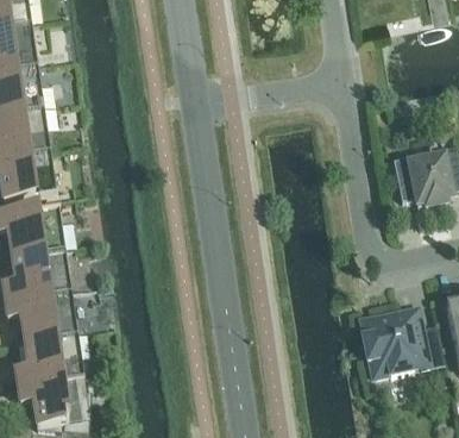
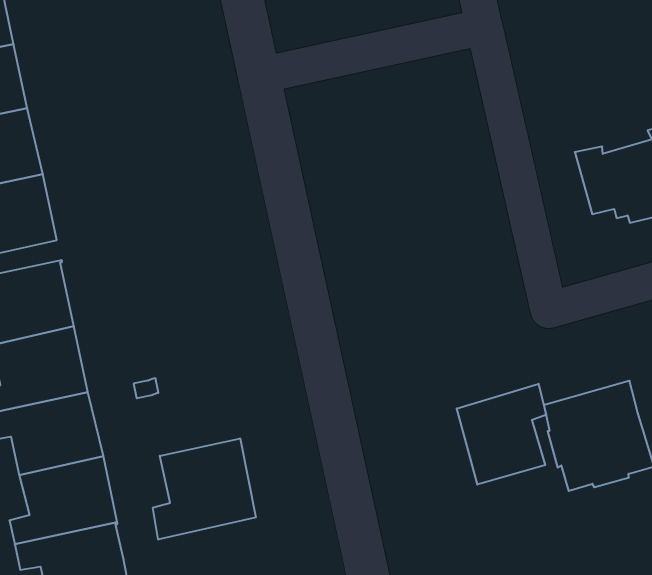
building: none -> [457,384,546,485]
building: none -> [153,438,256,540]

